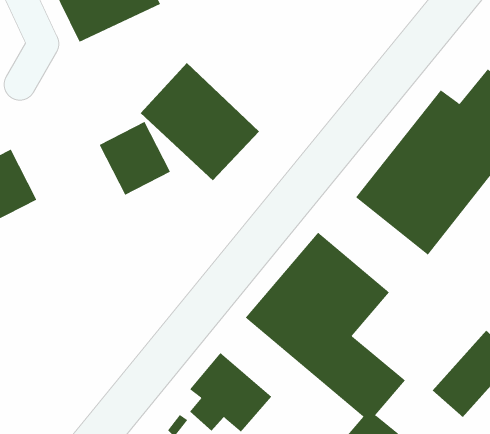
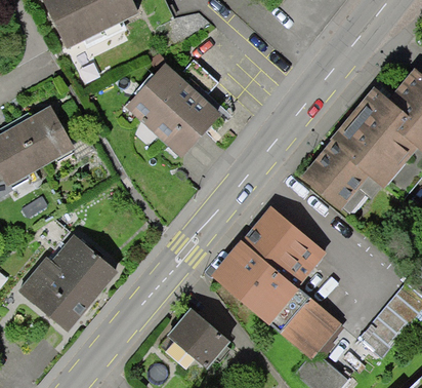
building: [99,121,171,195] -> [14,113,74,174]
building: none -> [14,234,121,337]

